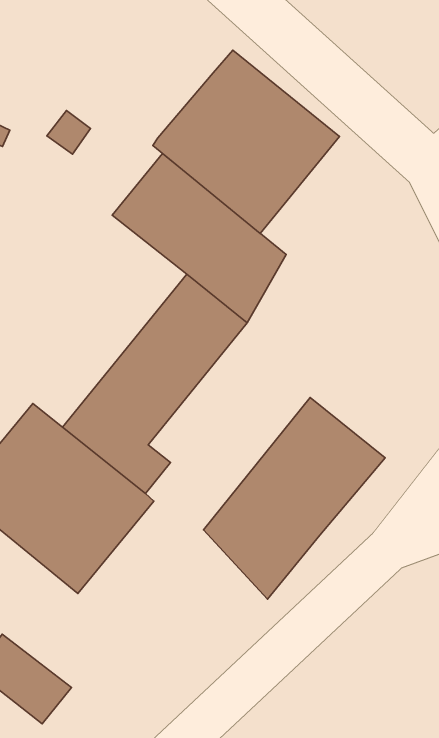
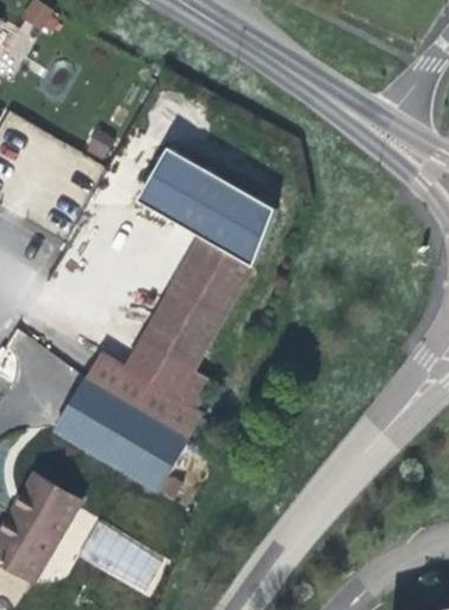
building: [153,50,340,233] -> none
building: [204,397,385,599] -> none

